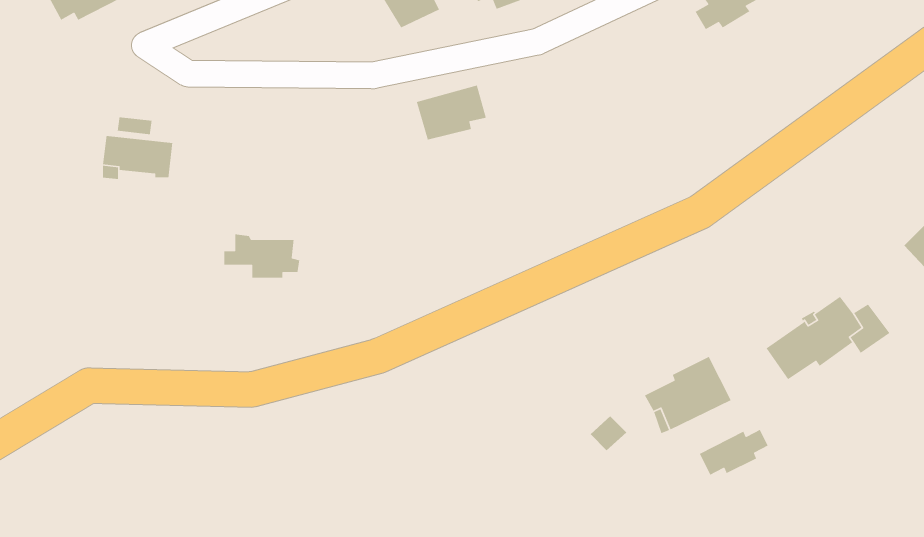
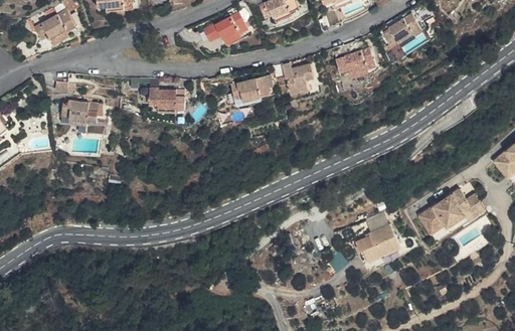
building: none -> [336,47,373,75]
building: none -> [284,63,314,93]
building: [223,234,300,279] -> [145,87,186,111]
building: [699,429,769,476] -> none

